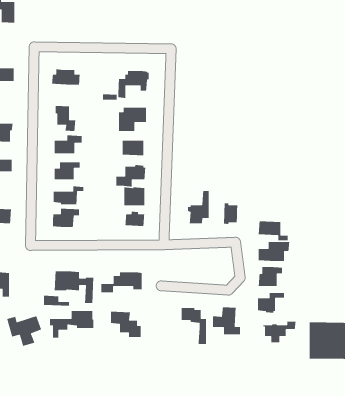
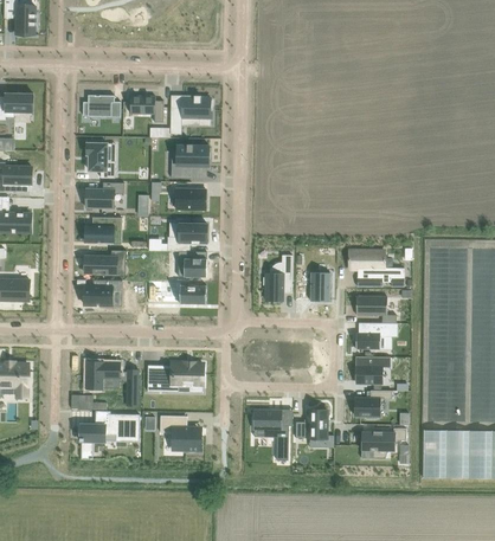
building: none -> [130,95,163,122]
building: none -> [348,250,404,285]
building: [6,315,42,347] -> none

